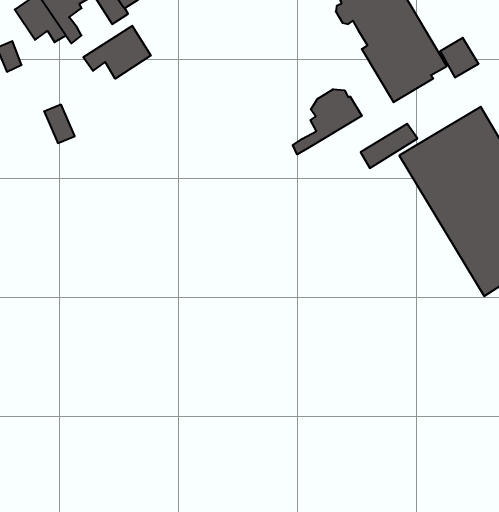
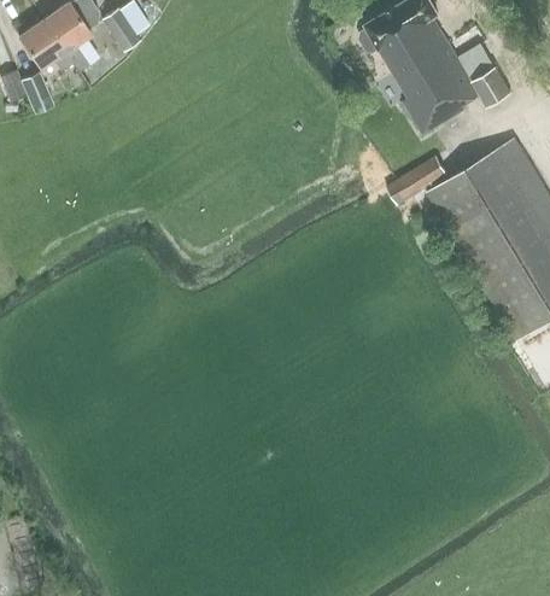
building: [83,26,151,79] -> none
building: [293,89,362,154] -> none
building: [44,105,75,143] -> [21,71,53,112]

